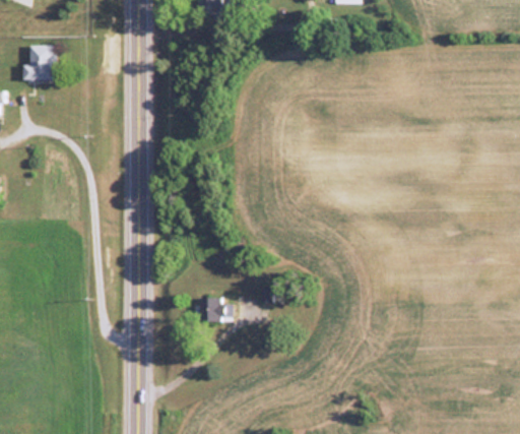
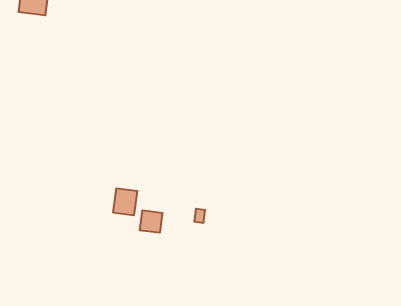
building: none -> [113,188,137,215]

